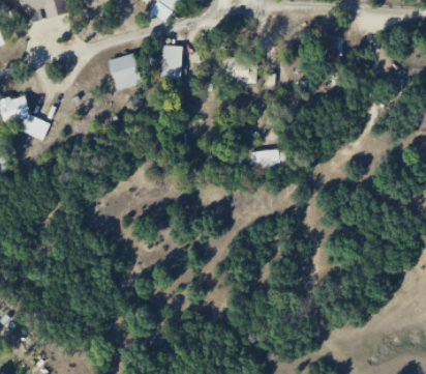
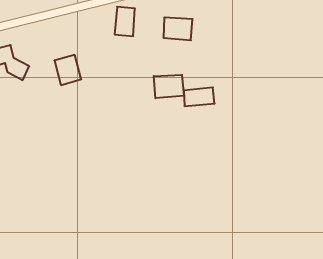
building: [109,52,143,90] -> [54,55,81,85]
building: none -> [154,75,184,98]

